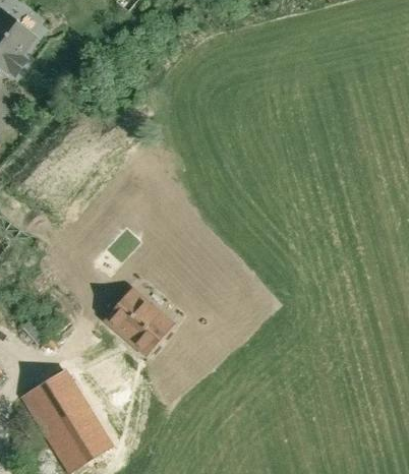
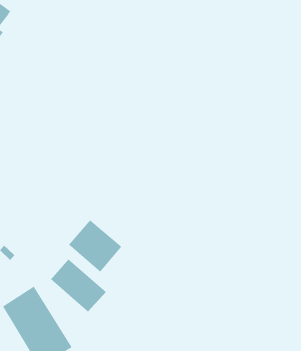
building: none -> [50,259,107,313]

